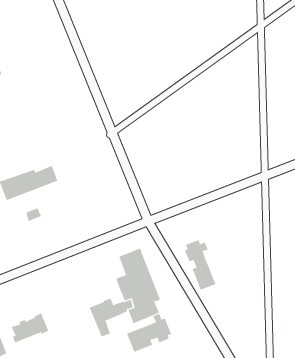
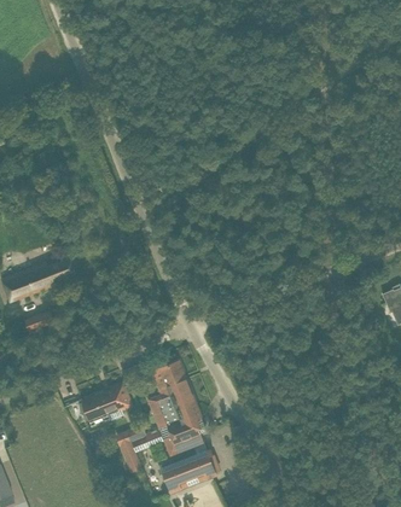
building: [185,240,216,291] -> none
building: [11,313,49,343] -> [83,384,132,422]

